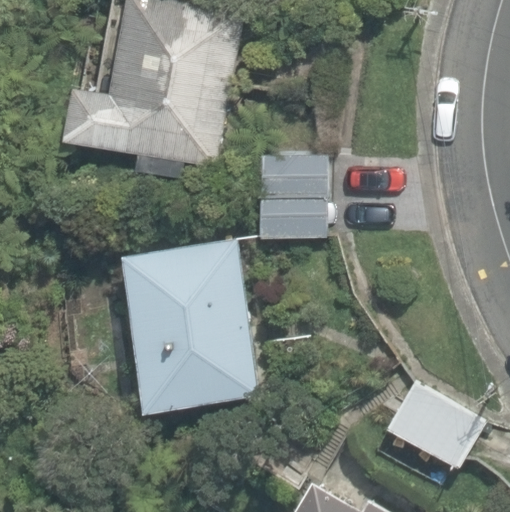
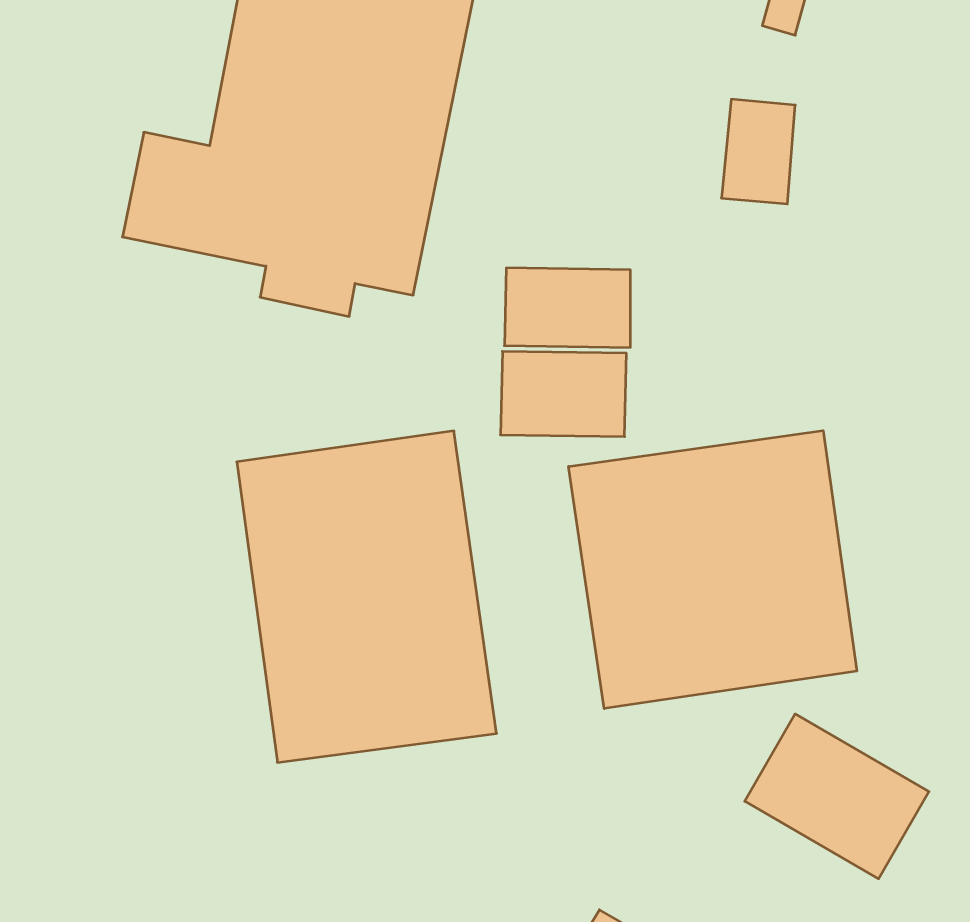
building: none -> [569,431,857,709]

